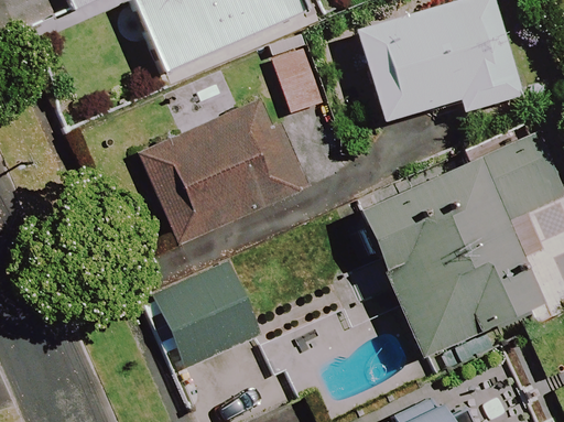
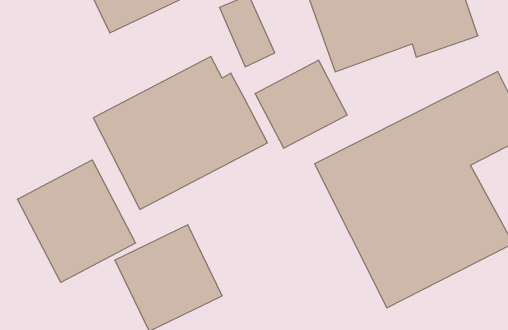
building: none -> [255,60,347,148]
building: none -> [17,160,136,282]

